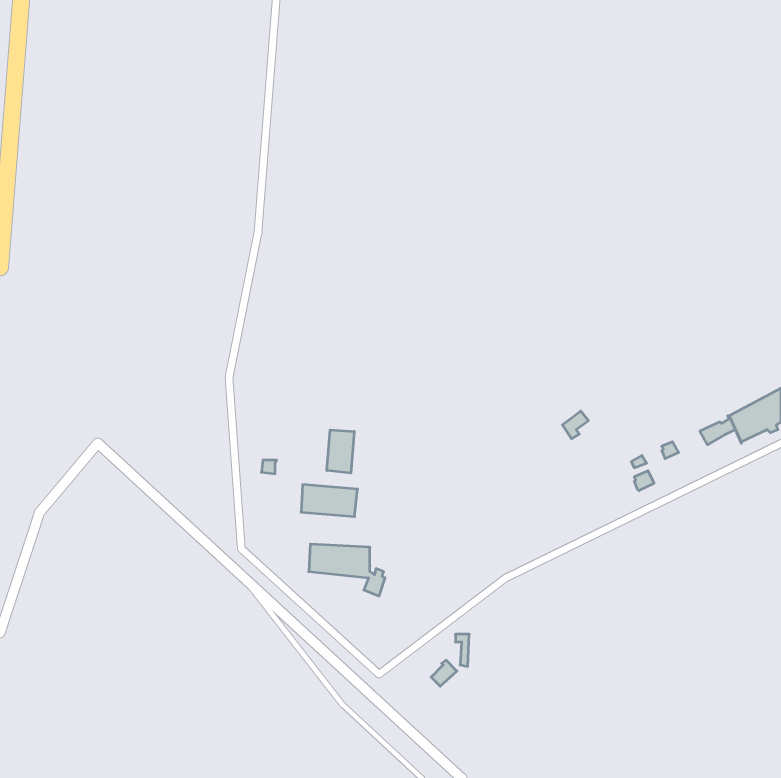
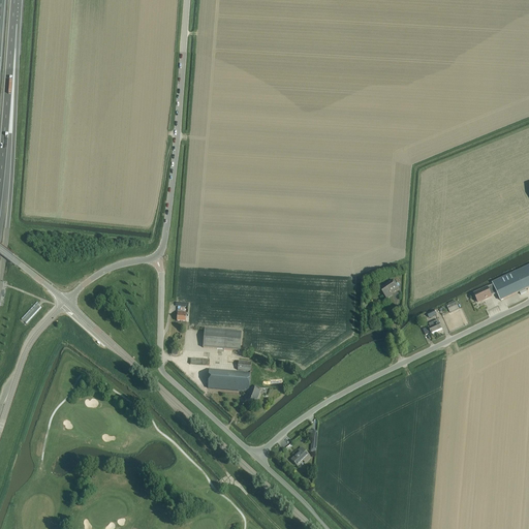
building: [327,430,354,473] -> none

